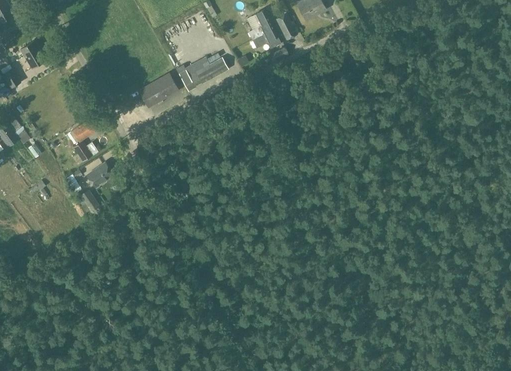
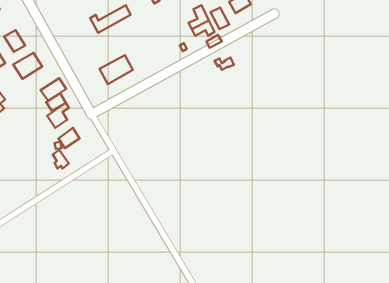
building: [177,57,227,91] -> [90,5,131,33]
building: none -> [13,53,42,79]
building: none -> [41,78,66,101]

